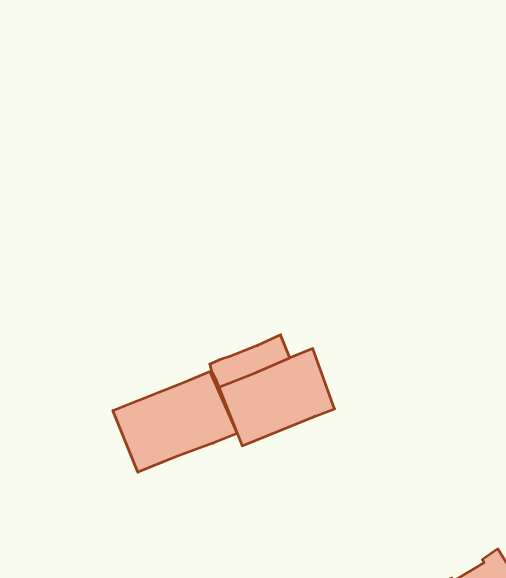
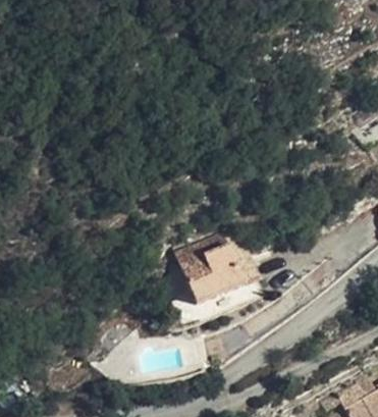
building: [113,372,237,472] -> none

